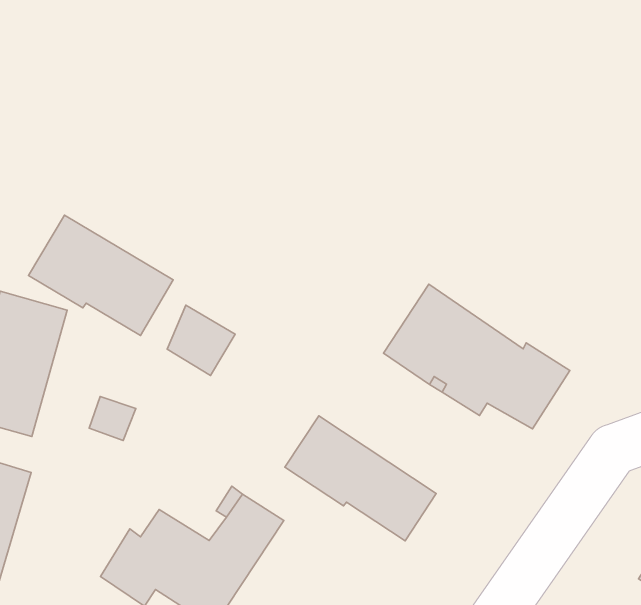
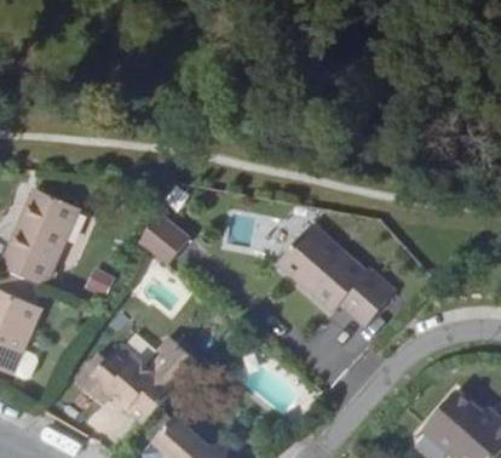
building: [28,215,173,336] -> none
building: [285,416,436,541] -> none

